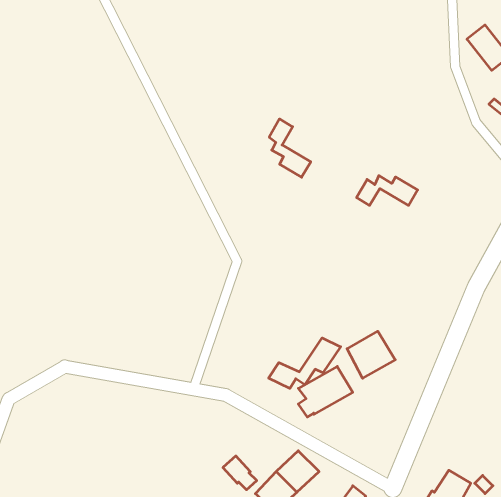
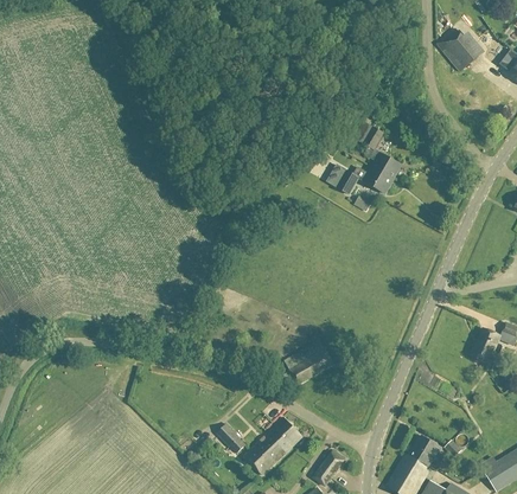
building: [269,119,311,177] -> [364,126,402,179]
building: [347,331,395,378] -> none
building: [269,338,341,388] -> none

